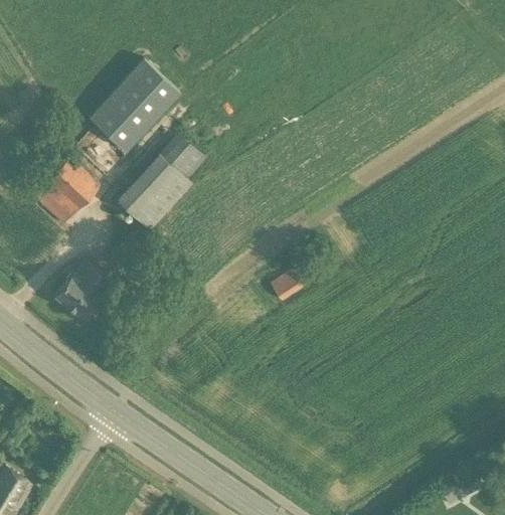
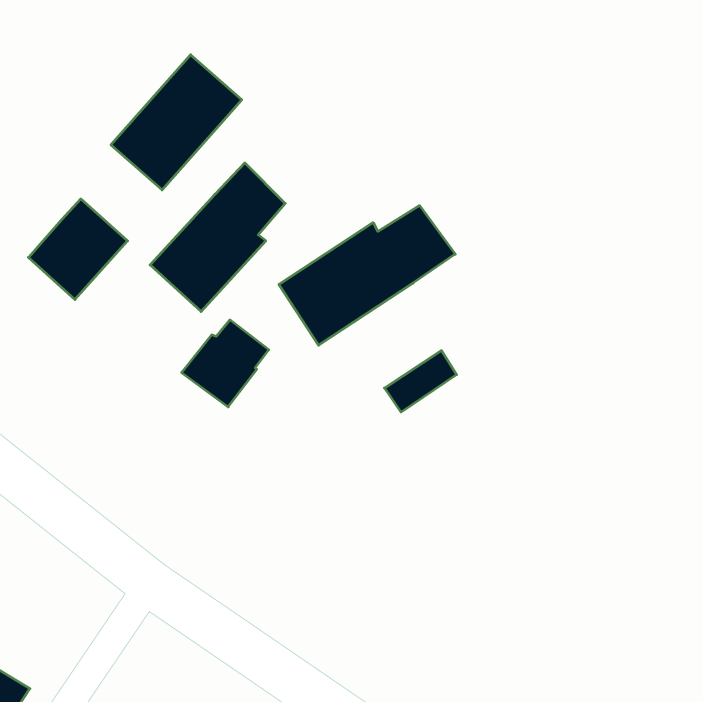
building: none -> [279,206,455,345]
building: [54,264,113,322] -> [182,320,269,407]

